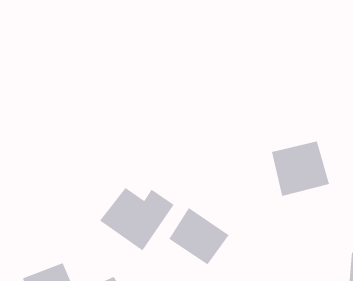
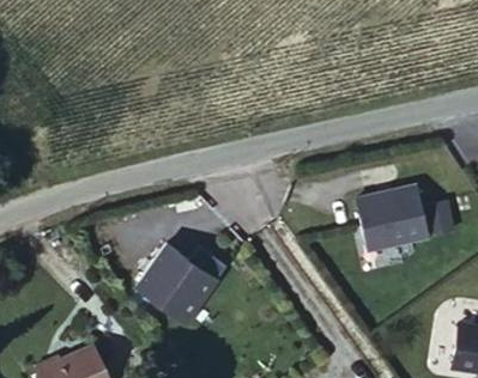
building: [169,207,229,265] -> none

